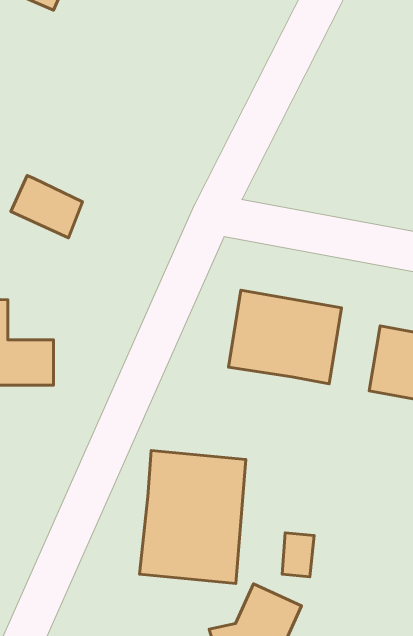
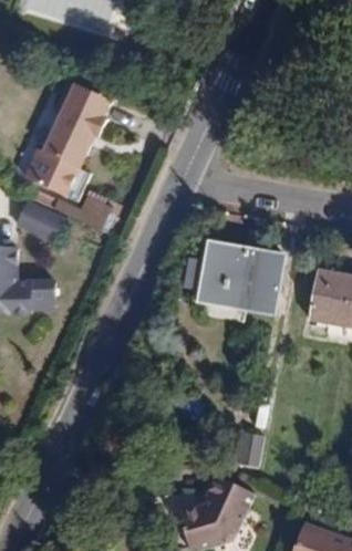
building: none -> [39,82,111,167]
building: none -> [17,204,64,242]
building: [140,450,246,584] -> none

